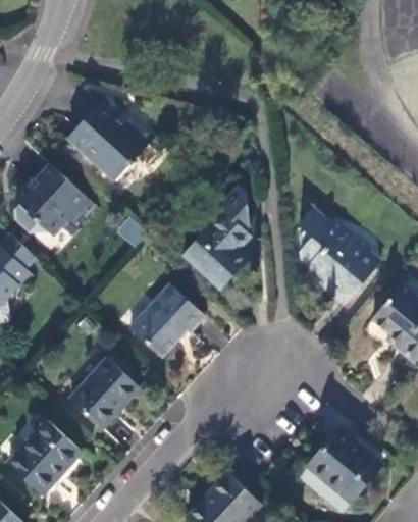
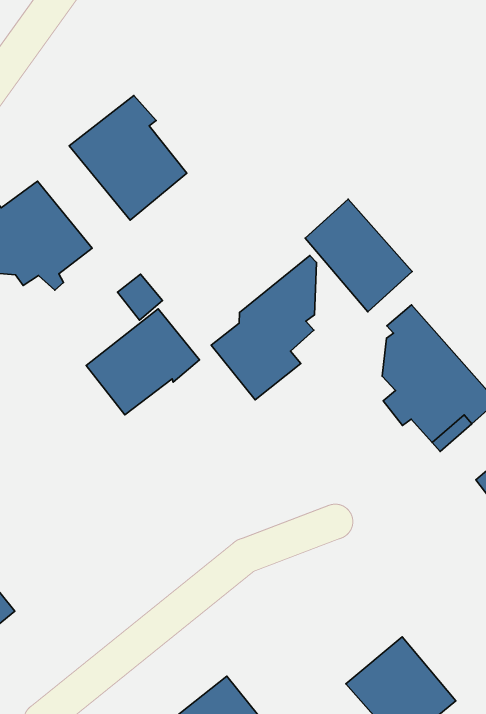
building: none -> [305,199,412,312]
building: [129,283,204,357] -> [86,309,200,415]
building: [69,359,140,429] -> none

